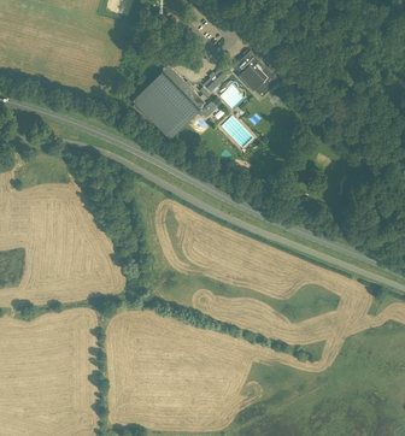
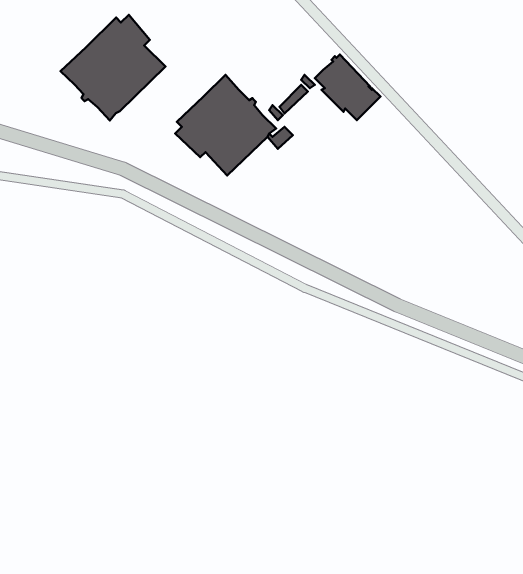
building: none -> [60,15,166,120]

